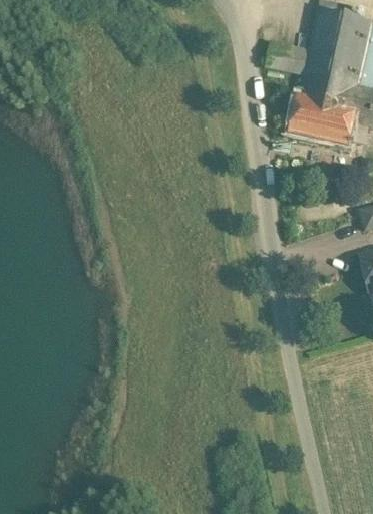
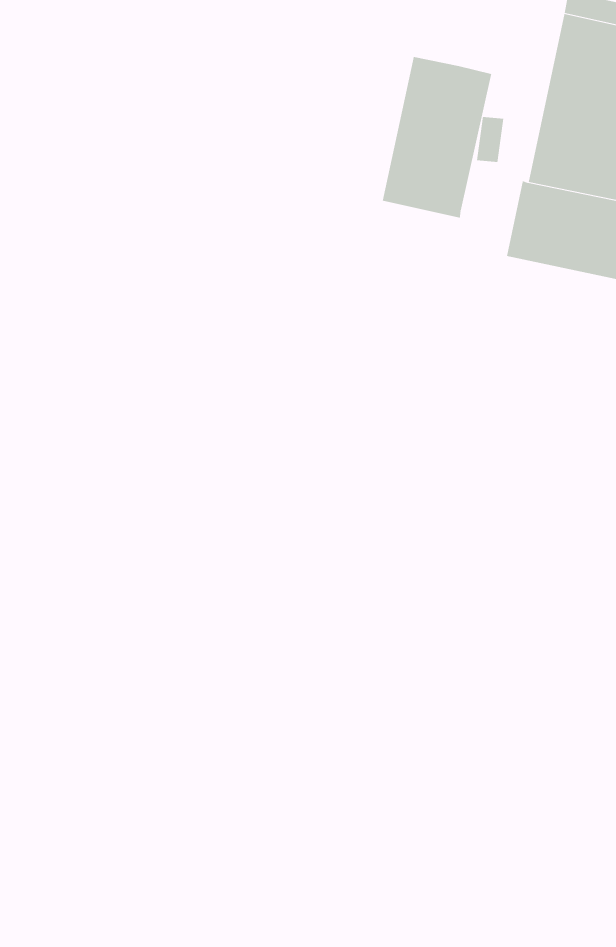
building: none -> [382,56,492,218]

